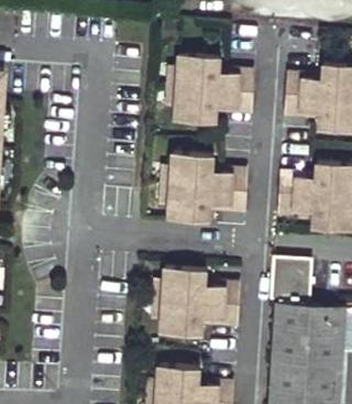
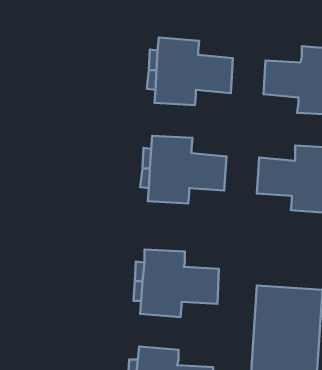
building: [272,260,311,303] -> none

